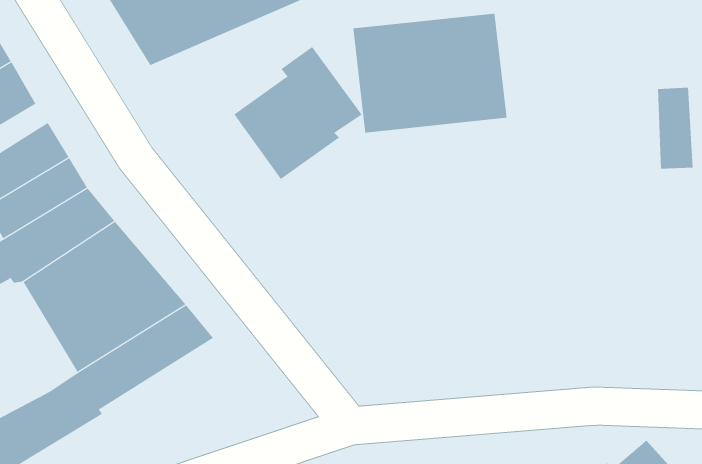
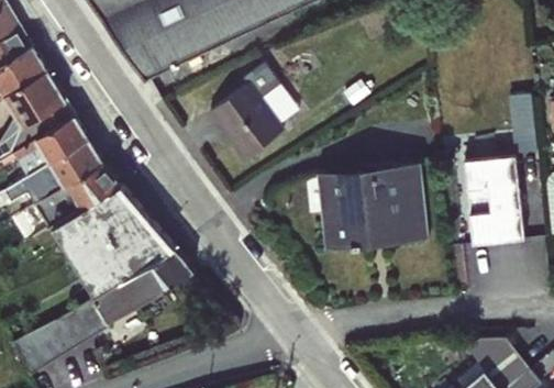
building: [352,13,507,133] -> [317,160,429,247]
building: none -> [463,151,523,241]

